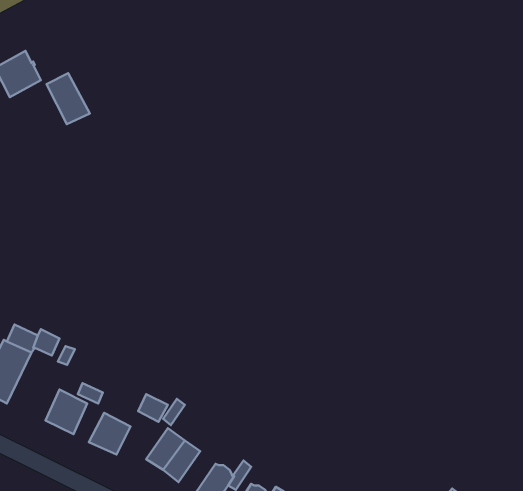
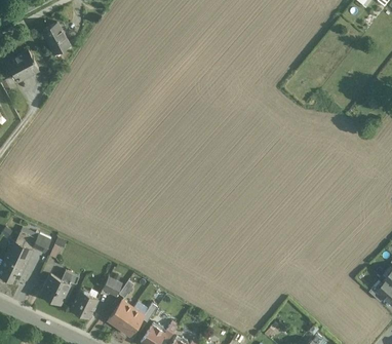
building: [47,73,90,124] -> [43,23,72,56]

